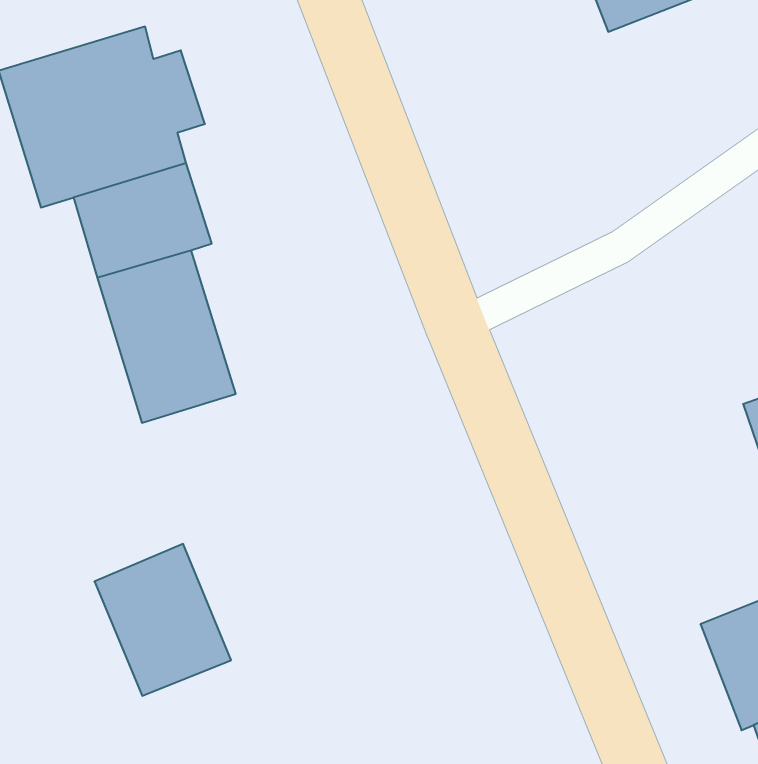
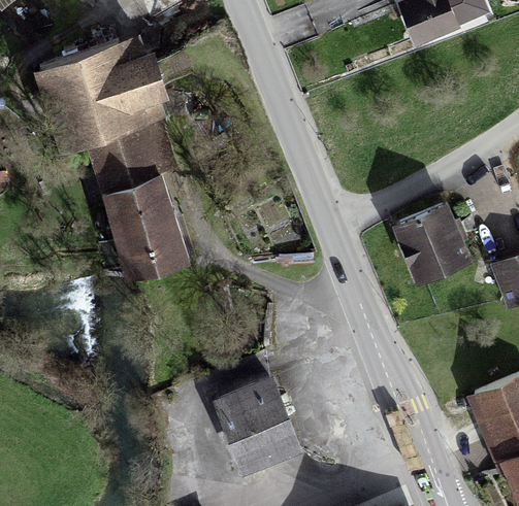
building: none -> [397,209,465,281]
building: [94,544,231,696] -> [216,377,298,469]

